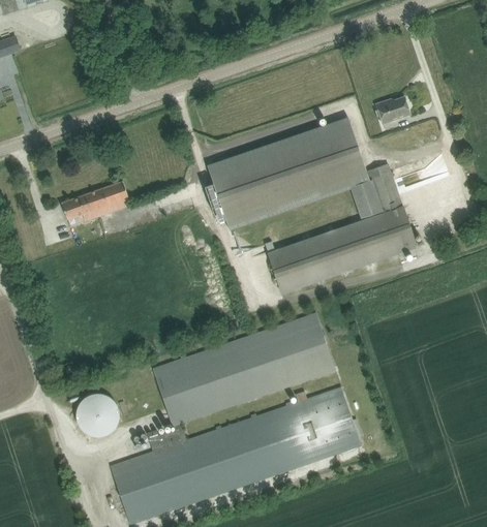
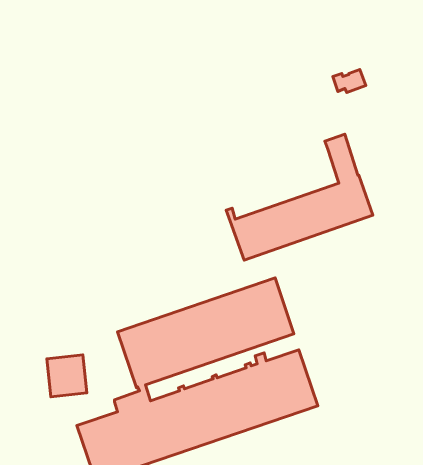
building: [205,119,381,228] -> none
building: [61,181,130,221] -> none

